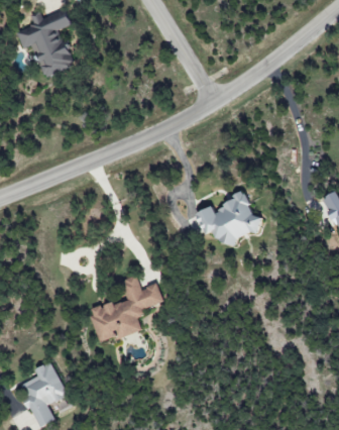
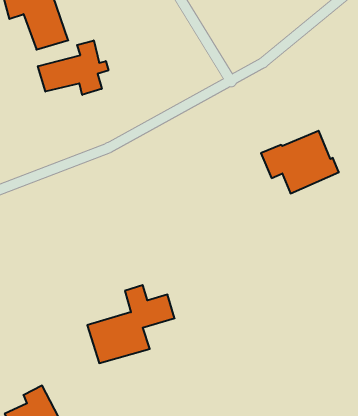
building: none -> [38,40,108,95]
building: [195,194,261,247] -> [261,131,339,193]

